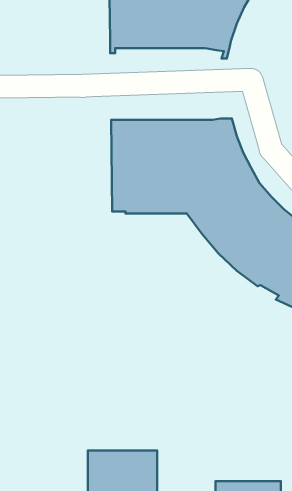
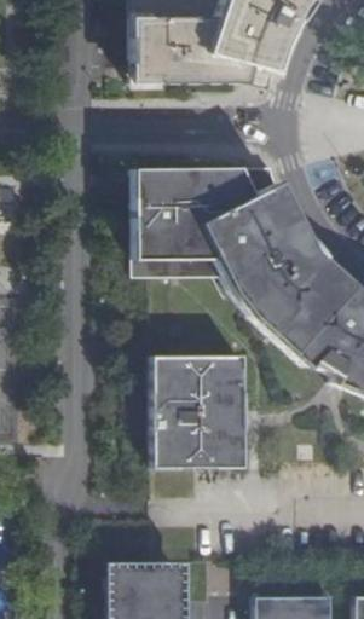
building: none -> [154,357,244,469]

